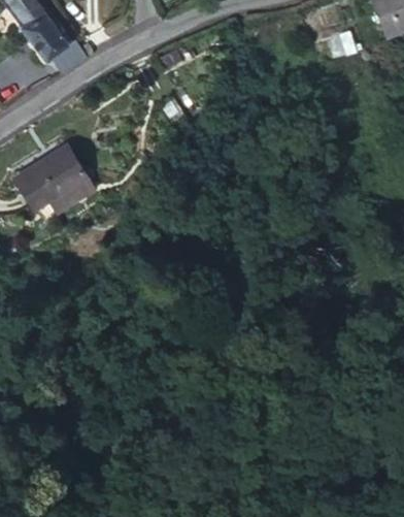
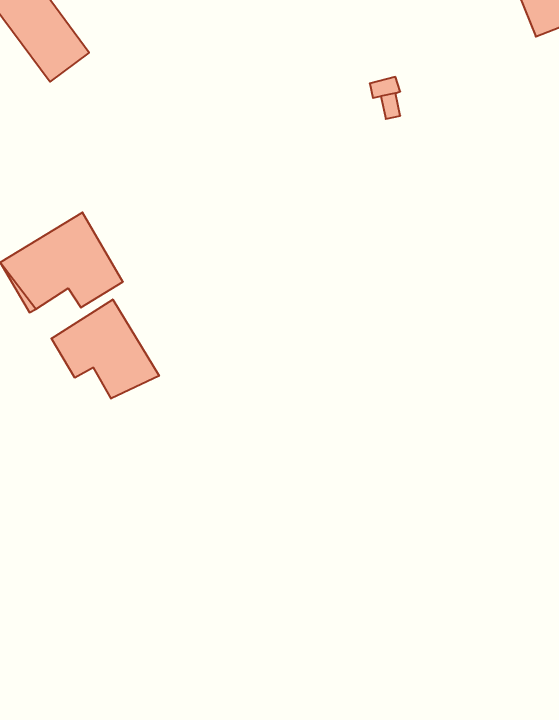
building: none -> [51,299,159,399]

